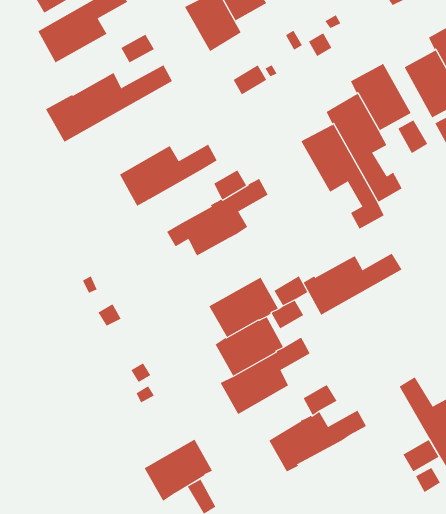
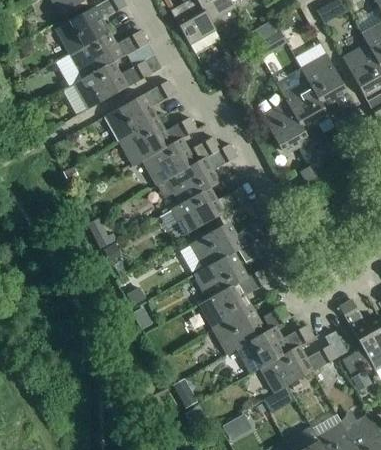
building: none -> [69,31,124,79]
building: none -> [104,80,175,141]
building: none -> [142,138,196,186]
building: [303,253,402,316] -> [170,186,248,235]
building: none -> [259,330,347,393]
building: [144,439,213,501] -> [212,306,266,355]

